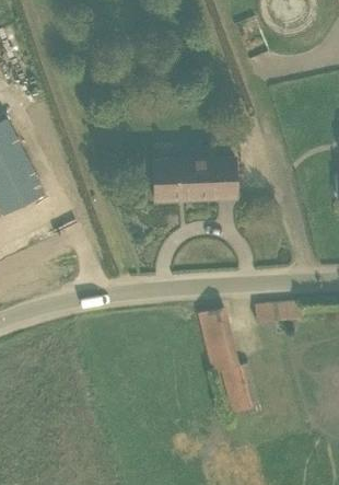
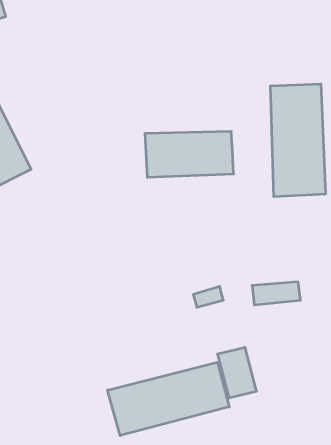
building: none -> [270,84,325,197]
building: none -> [108,362,229,436]

